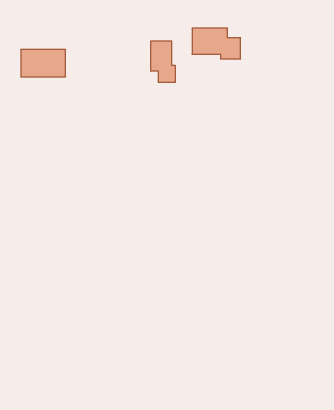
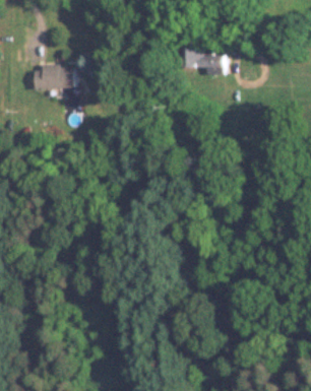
building: [151,41,175,82] -> none

